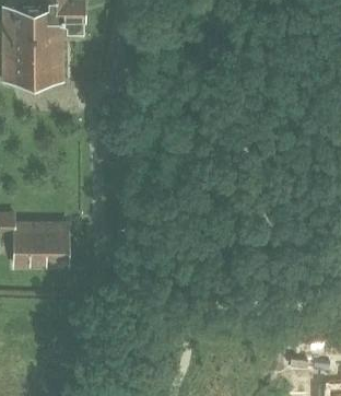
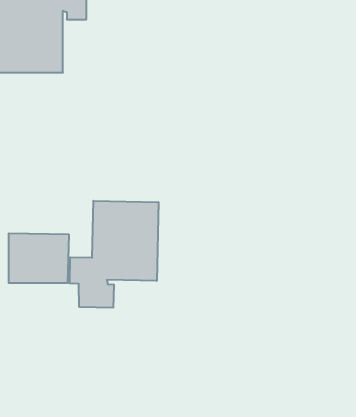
building: none -> [70,201,158,308]

